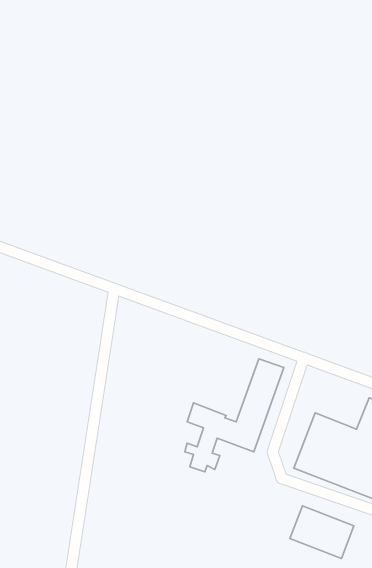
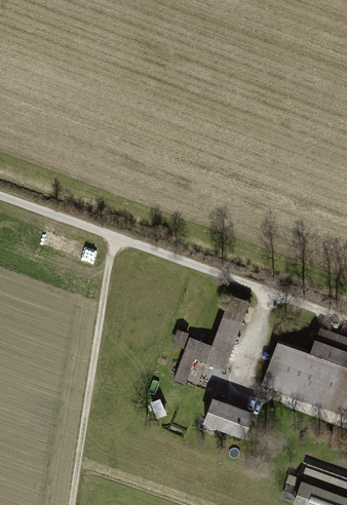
building: [290,506,354,559] -> [202,397,255,440]

